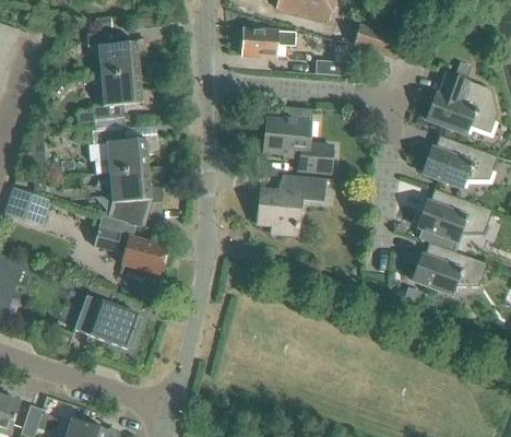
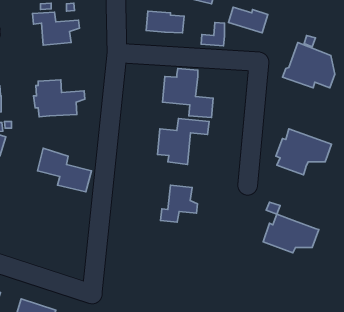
building: [78,71,155,125] -> none
building: [421,134,498,187] -> none
building: [107,168,163,227] -> none
building: [412,241,487,294] -> [263,214,319,253]
building: none -> [161,185,198,222]
building: [74,295,139,347] -> none

